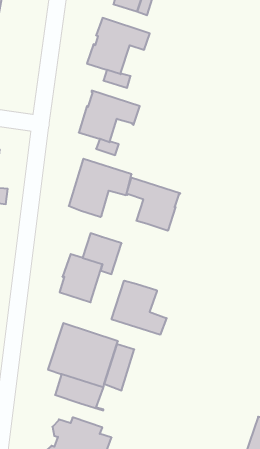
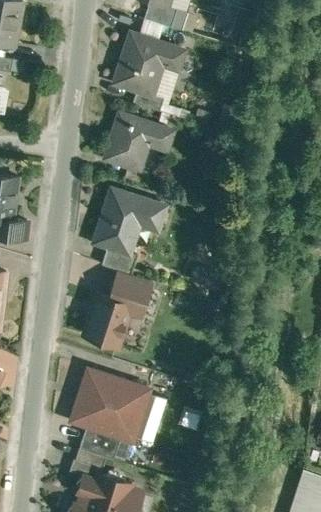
building: [126,178,180,231] -> none
building: none -> [101,245,137,274]
building: [112,281,167,335] -> none
building: none -> [69,448,106,479]

